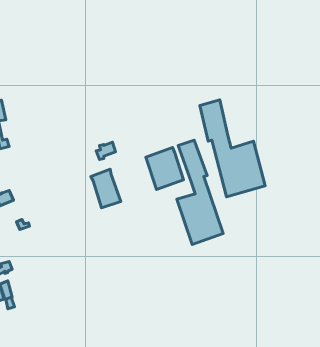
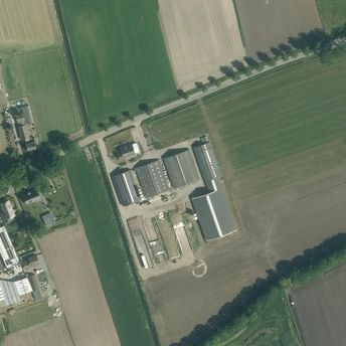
building: [200,100,265,197] -> none
building: none -> [134,161,167,198]

